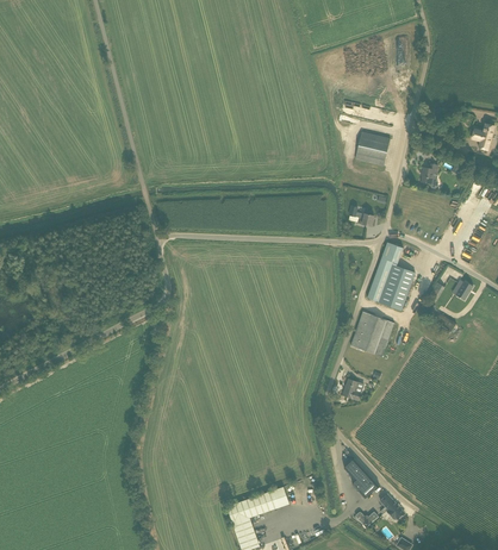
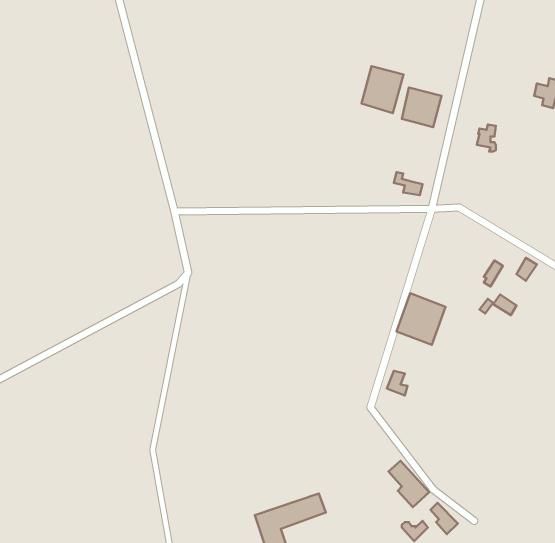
building: none -> [362,66,403,113]
building: [367,242,415,310] -> none

